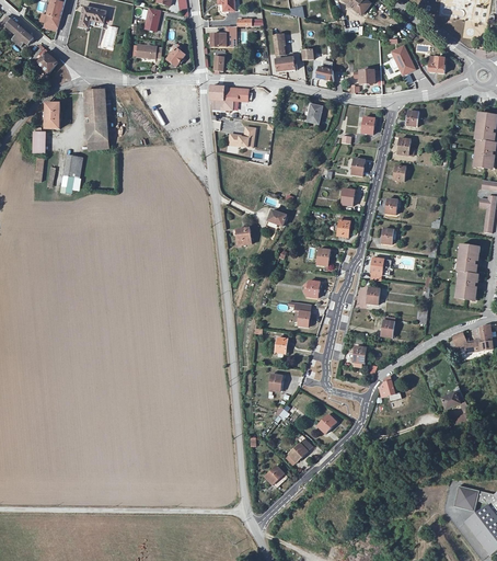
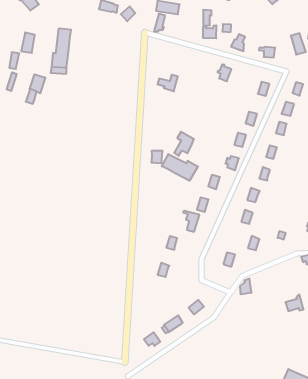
building: [210,84,247,108] -> none
building: none -> [162,154,198,181]

